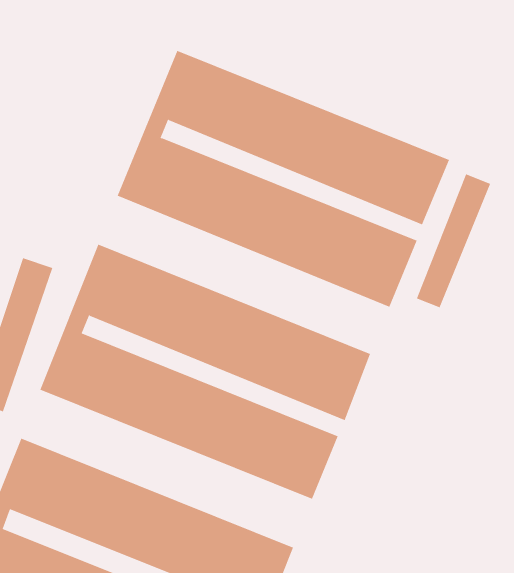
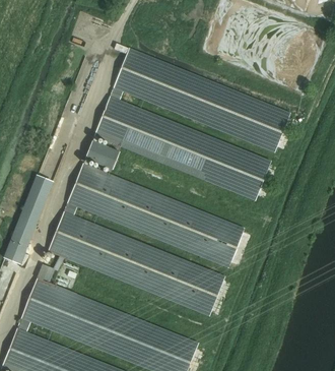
building: [416,173,491,308] -> none
building: none -> [84,140,120,170]

